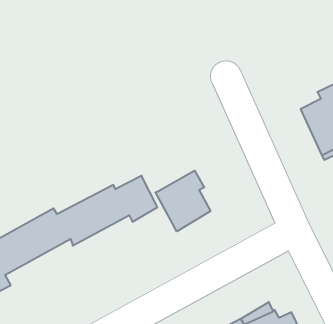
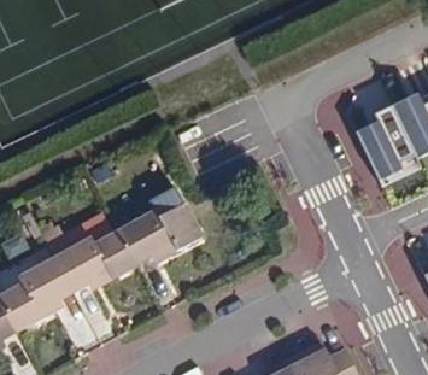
building: [155,171,210,231] -> none

